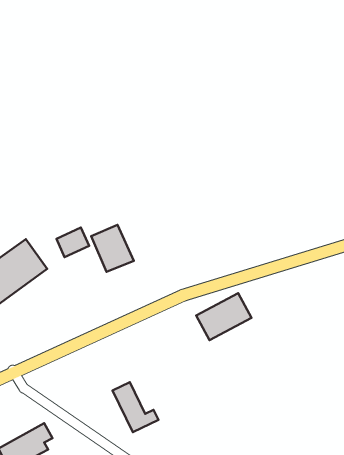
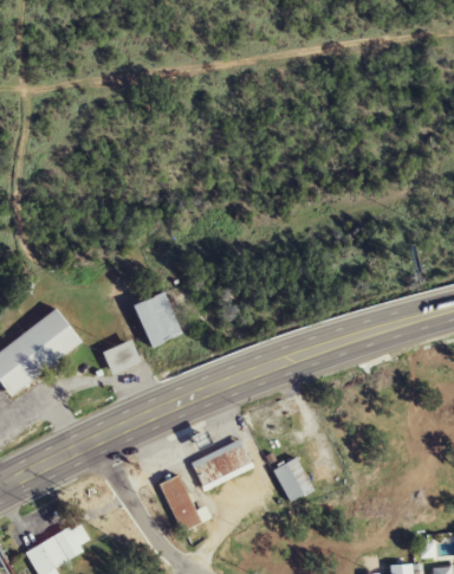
building: [56,228,89,257] -> [102,338,140,373]
building: [196,293,251,340] -> [189,437,253,491]
building: none -> [272,457,312,502]

